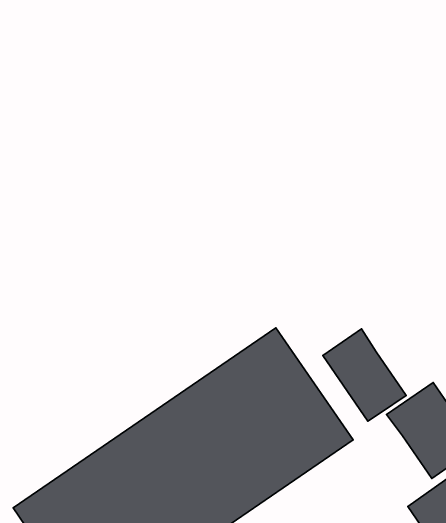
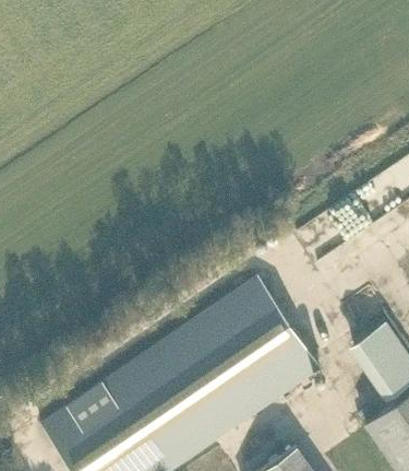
building: [323,329,406,421] -> none

